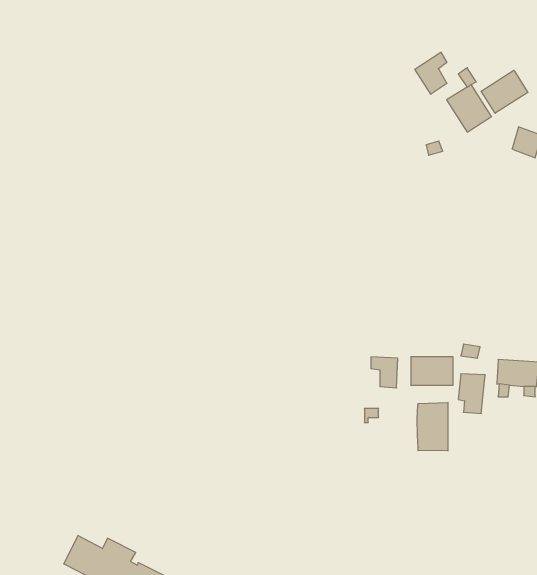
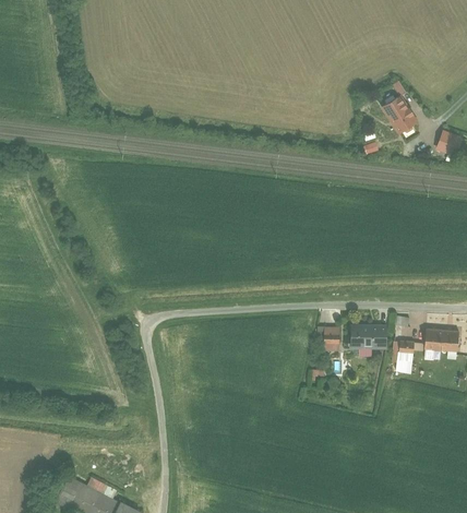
building: [415,52,447,94] -> none
building: [481,70,528,113] -> none
building: [417,402,448,451] -> none

